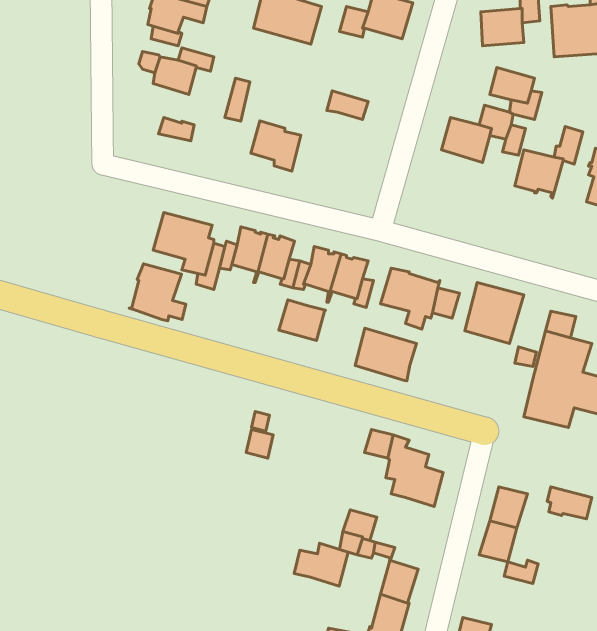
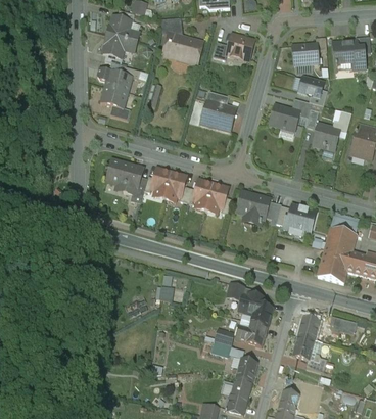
building: none -> [100,87,126,109]
building: [251,121,301,171] -> [205,103,234,132]
building: [129,264,186,321] -> none
building: [279,300,325,341] -> none
building: [355,328,416,381] -> none
building: [294,543,348,586] -> [235,323,266,347]

